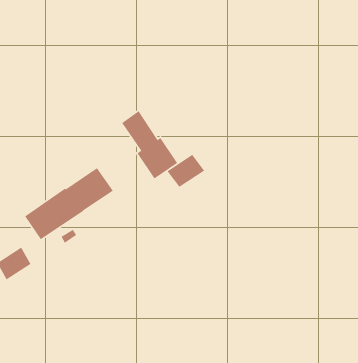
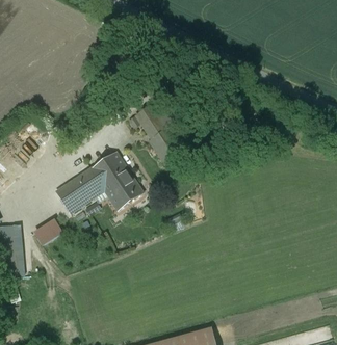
building: [167,154,205,188] -> none
building: none -> [103,172,142,211]

